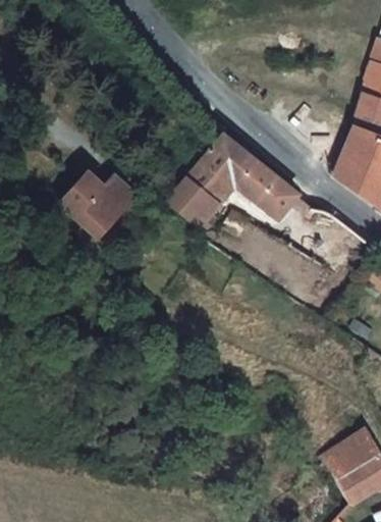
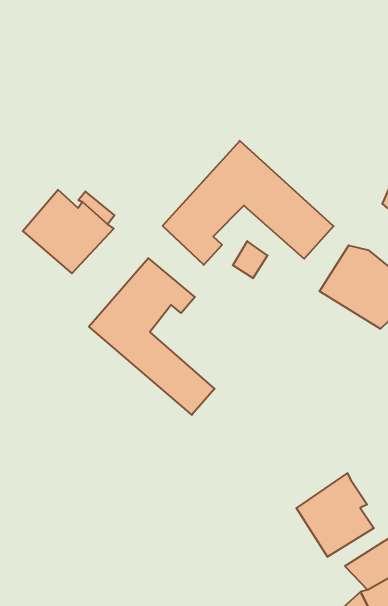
building: none -> [89,258,215,415]
building: none -> [296,473,374,557]

